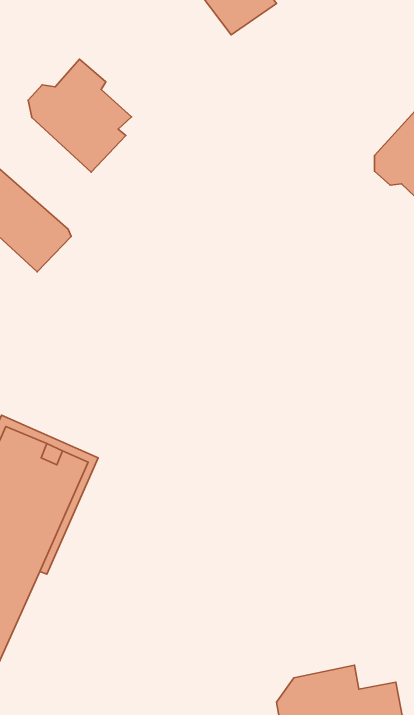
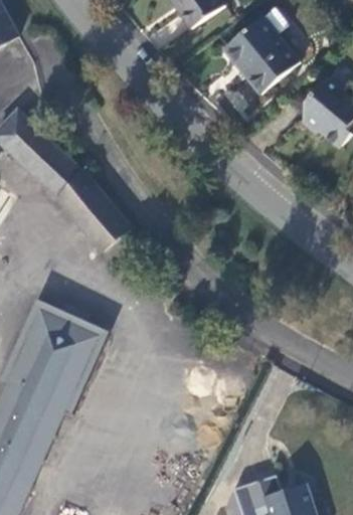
building: none -> [233,17,306,93]
building: [28,59,131,172] -> none
building: none -> [59,172,129,250]

